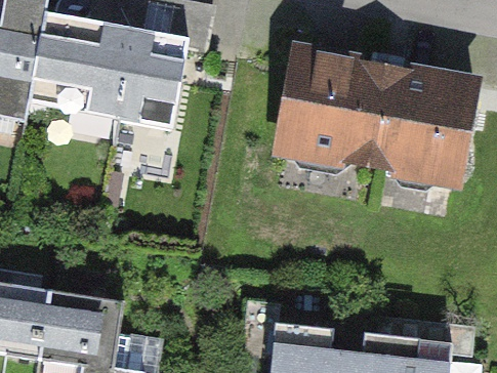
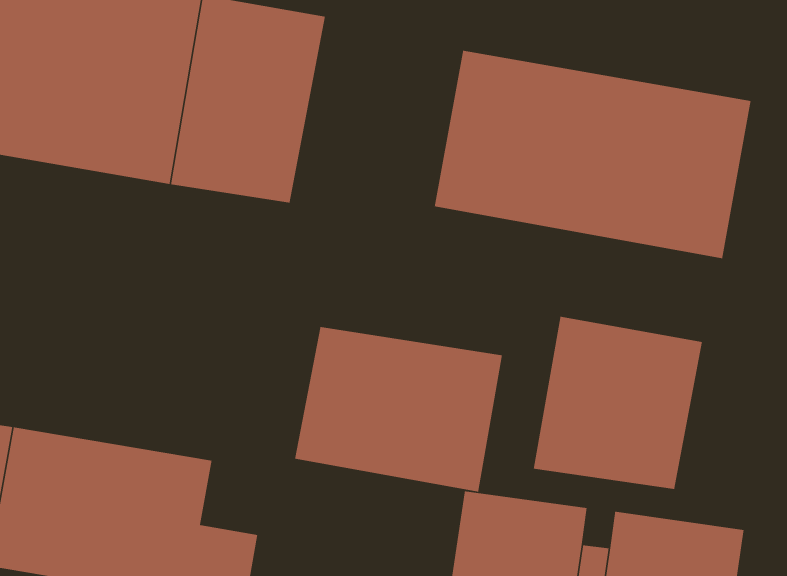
building: none -> [533,316,703,490]
building: none -> [294,326,503,493]

